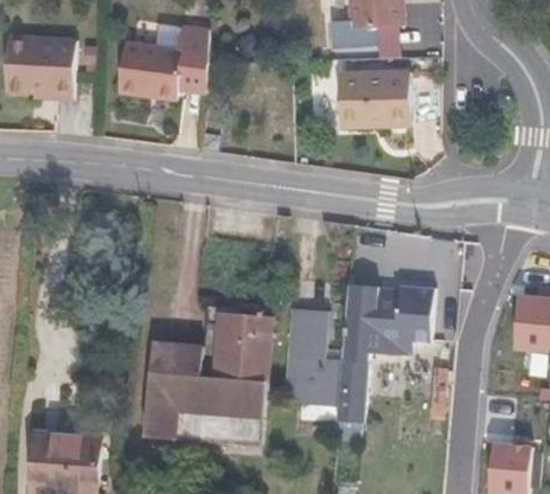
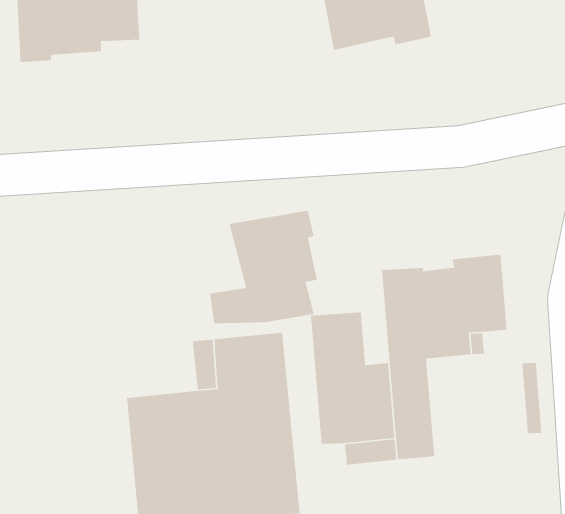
building: none -> [209,210,318,324]

